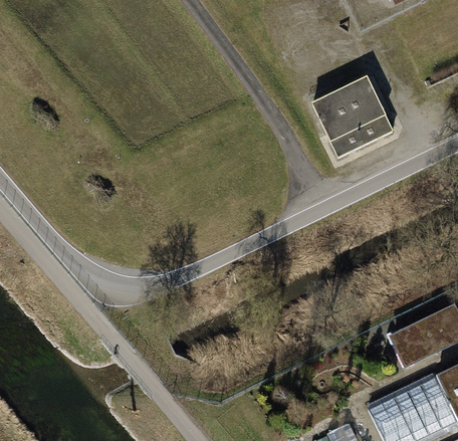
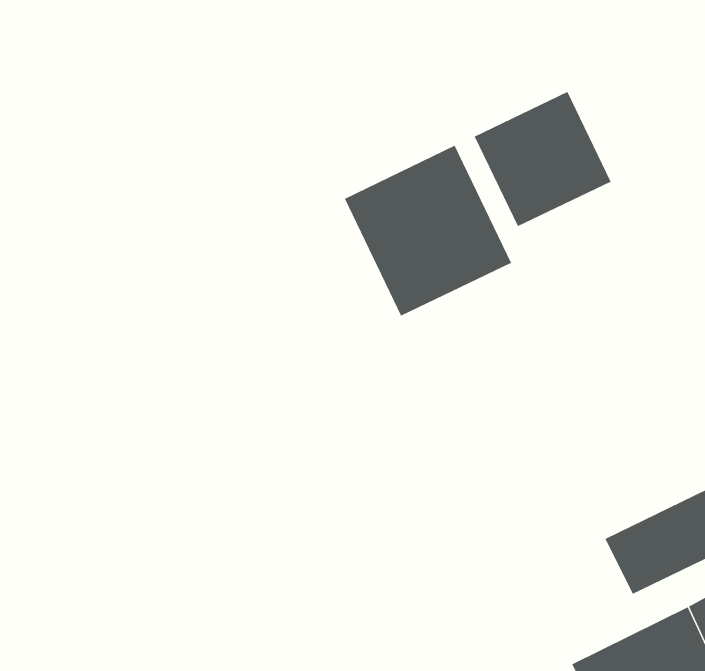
building: none -> [344,145,512,317]

